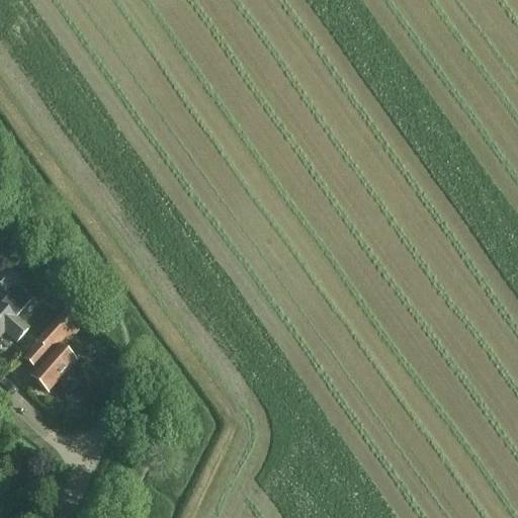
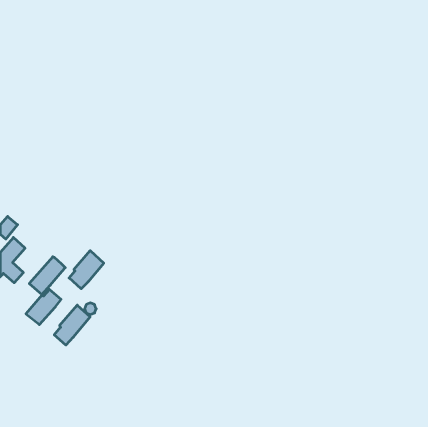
building: none -> [69,251,104,289]
building: none -> [54,305,90,345]

